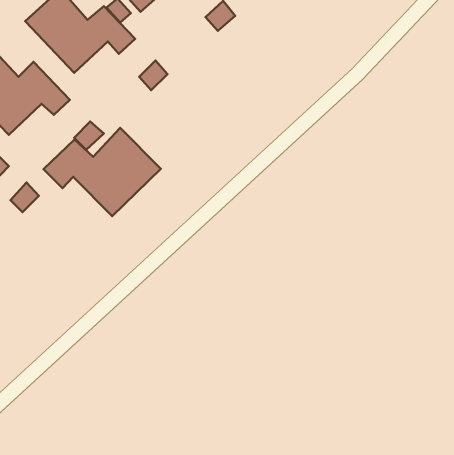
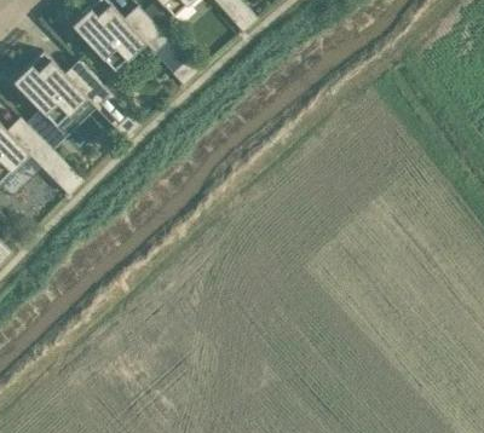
building: [44,128,161,216] -> none

